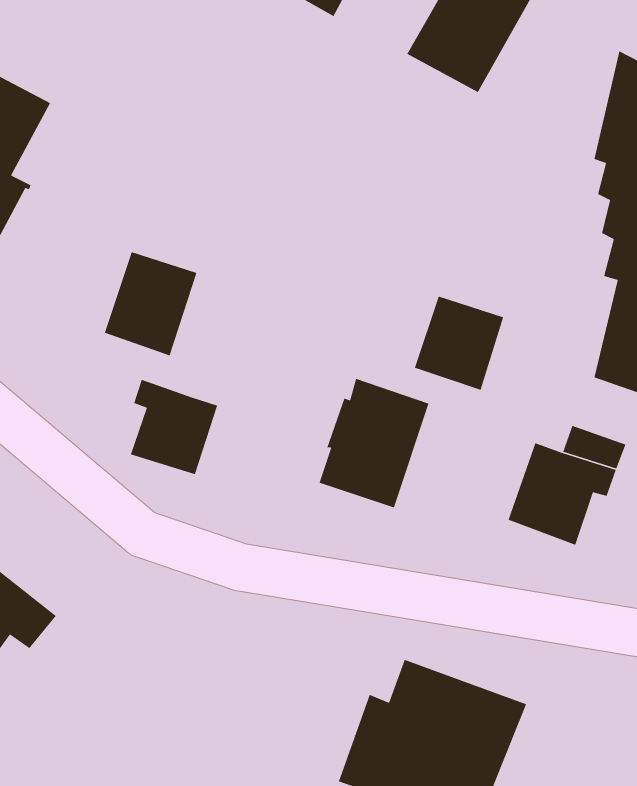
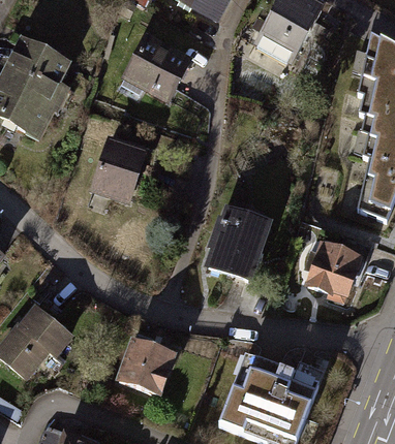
building: none -> [127,41,188,96]
building: [414,296,504,391] -> none
building: [130,379,218,475] -> none
building: none -> [120,330,173,392]

